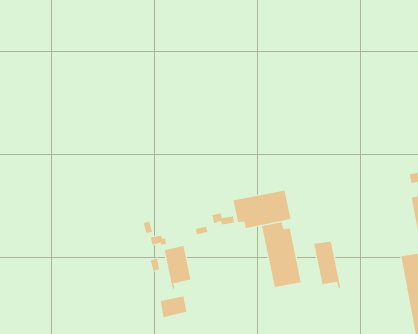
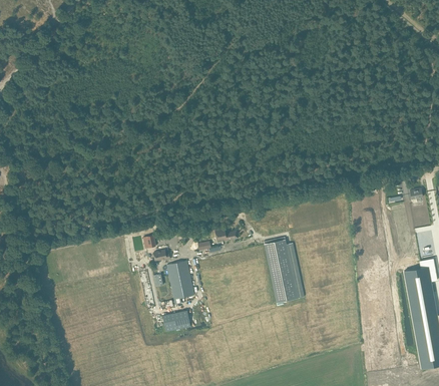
building: [233,190,291,229] -> none
building: [314,241,341,289] -> none

